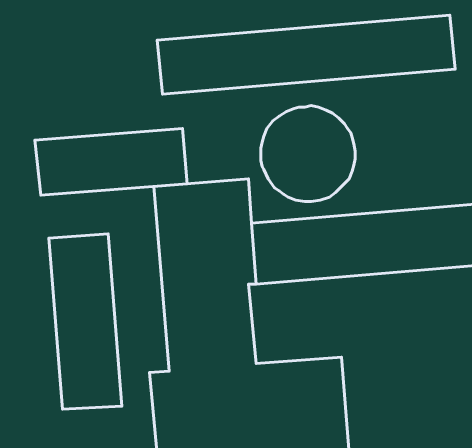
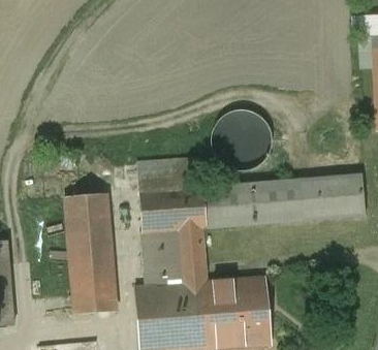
building: [157,15,455,94] -> none
building: [35,128,187,195] -> none

